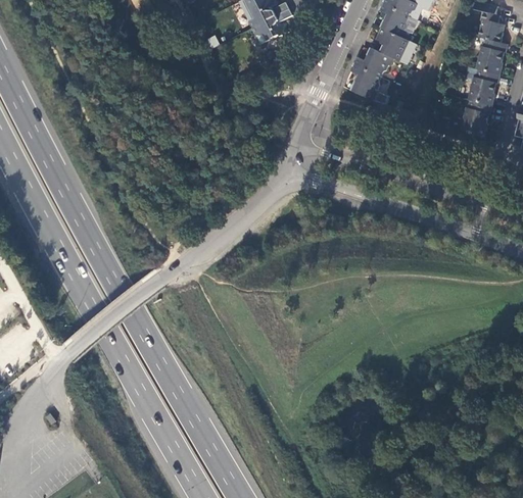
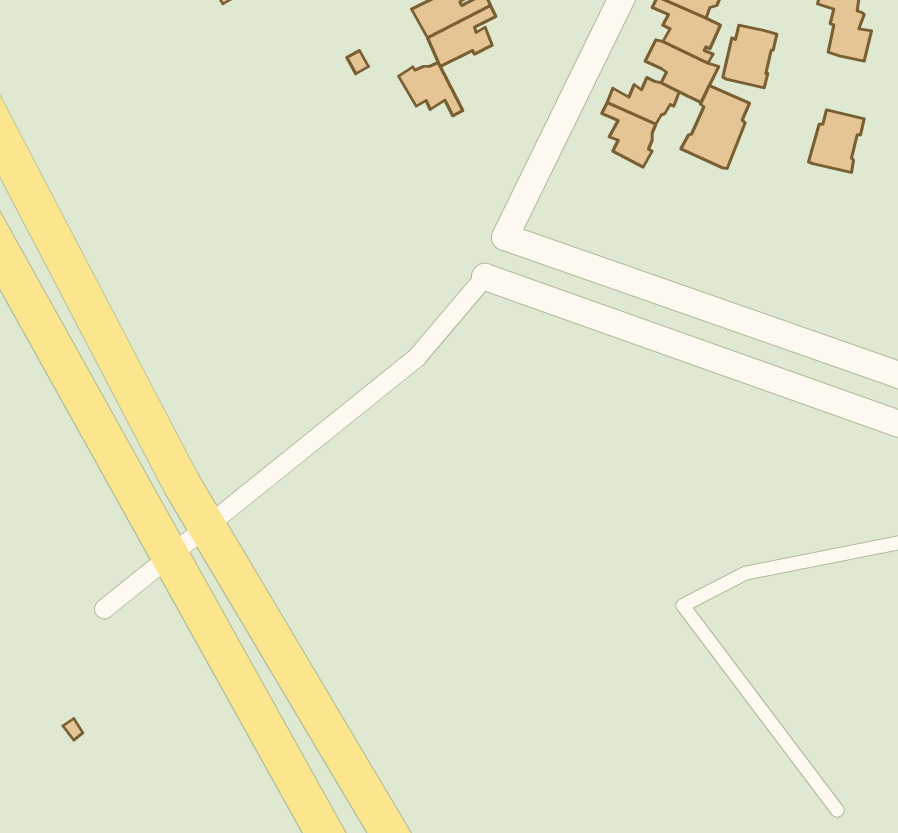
building: [477,37,508,72] -> [723,25,777,88]
building: none -> [398,63,463,116]
building: none -> [681,85,750,169]
building: [462,98,493,136] -> none

